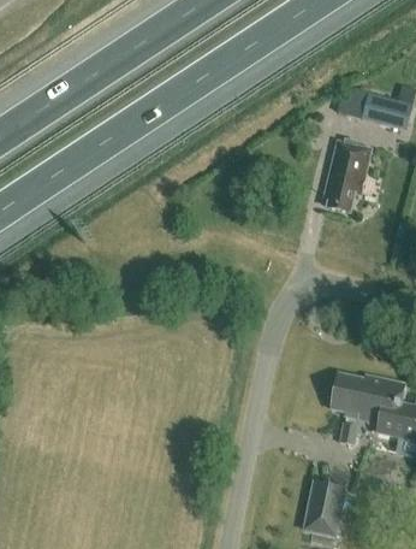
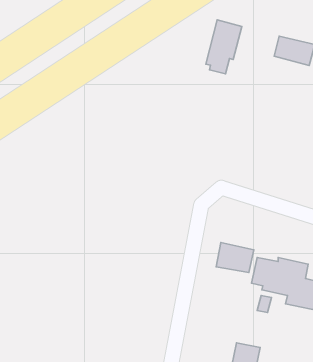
building: [322,140,368,208] -> [206,20,242,74]
building: none -> [216,243,254,273]

